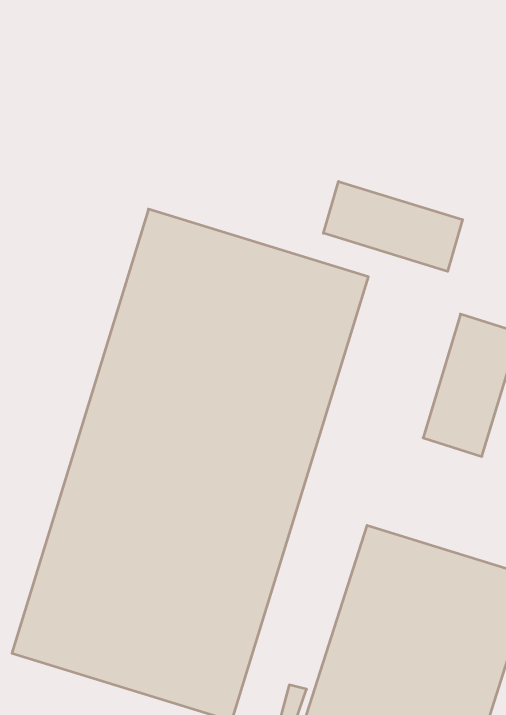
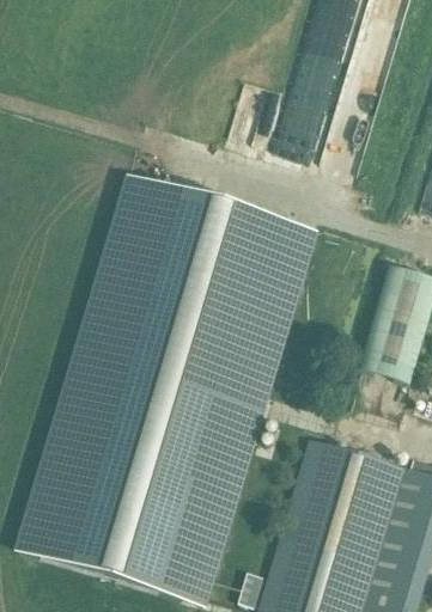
building: [323,181,463,271] -> none

